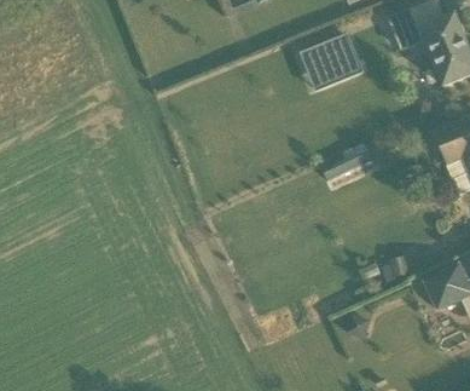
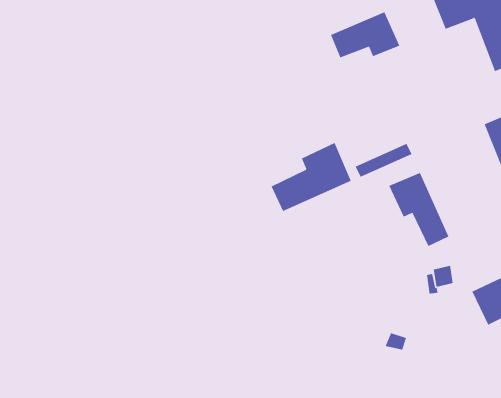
building: none -> [271,142,352,212]
building: none -> [389,172,449,247]

